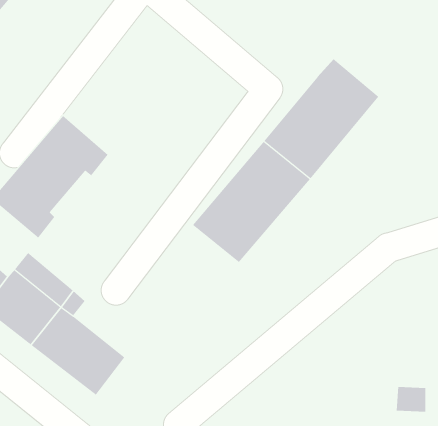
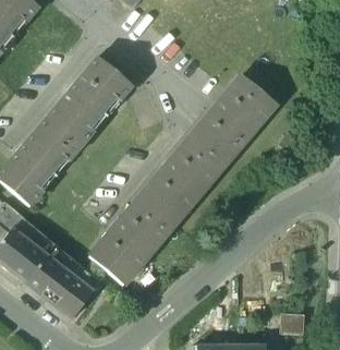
building: none -> [48,57,132,145]
building: none -> [90,195,174,283]

